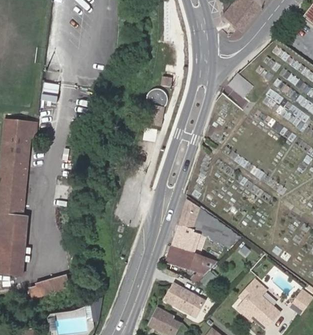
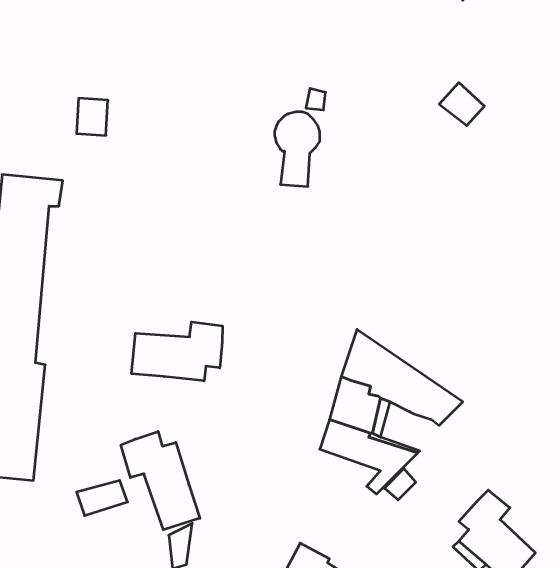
building: none -> [132,322,222,381]
building: none -> [121,431,200,530]
building: [164,281,204,315] -> none

